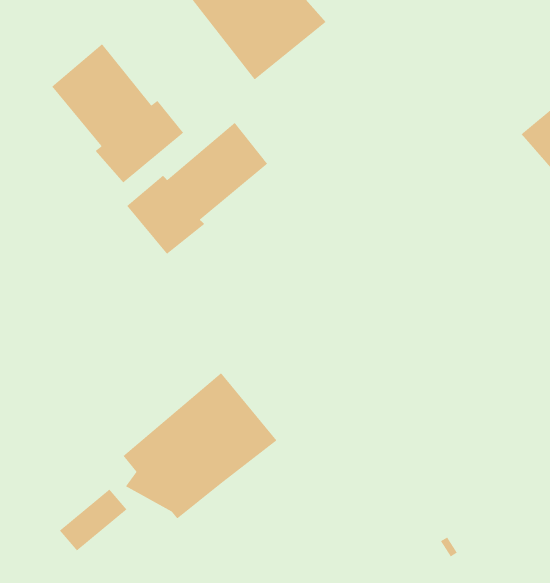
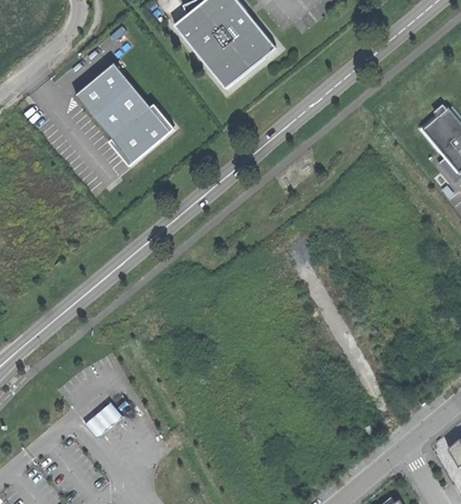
building: [126,122,268,255] -> none
building: [123,372,277,519] -> none

